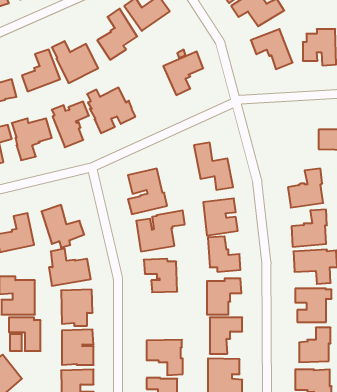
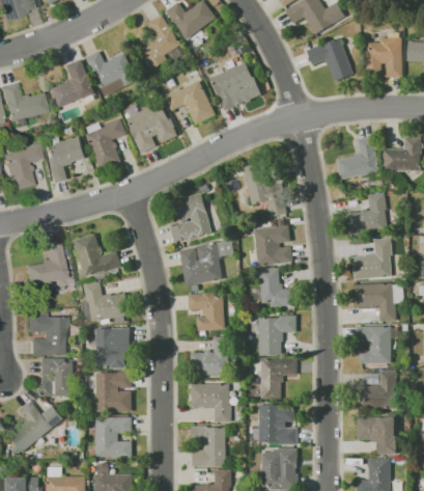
building: none -> [165,80,217,125]
building: none -> [338,136,380,179]
building: none -> [193,336,229,375]

